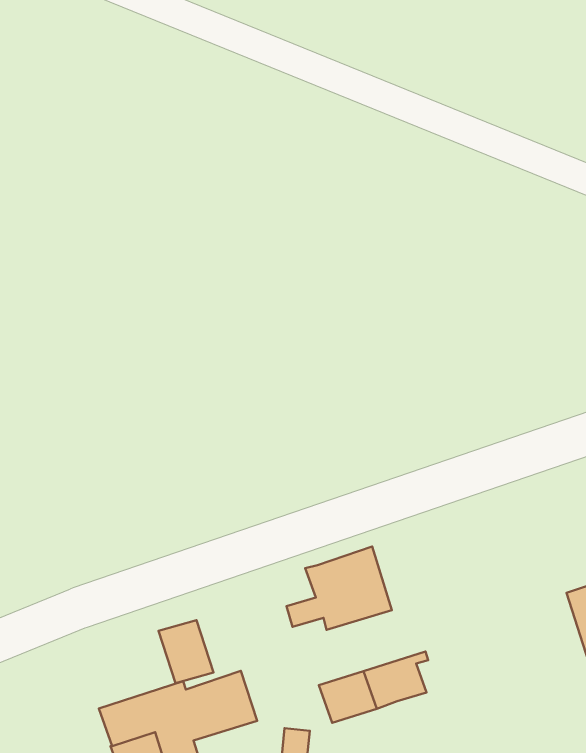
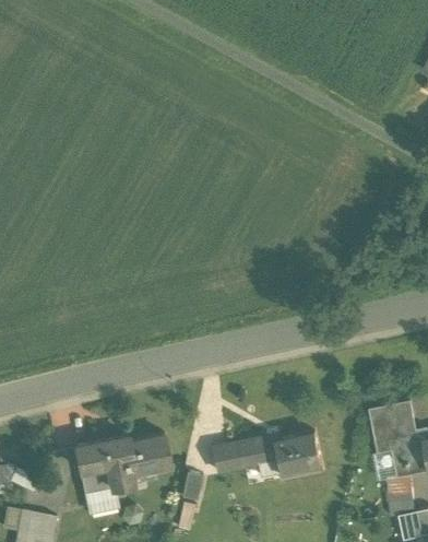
building: [286,546,392,630] -> [259,433,323,481]
building: [158,620,214,683] -> none

